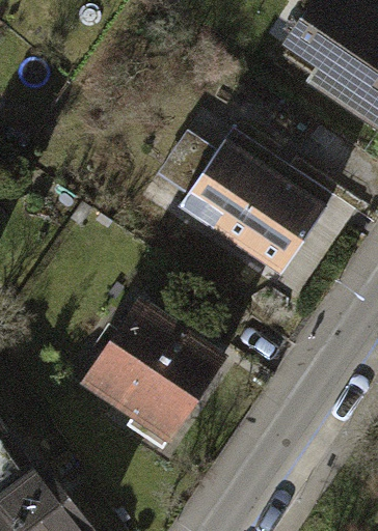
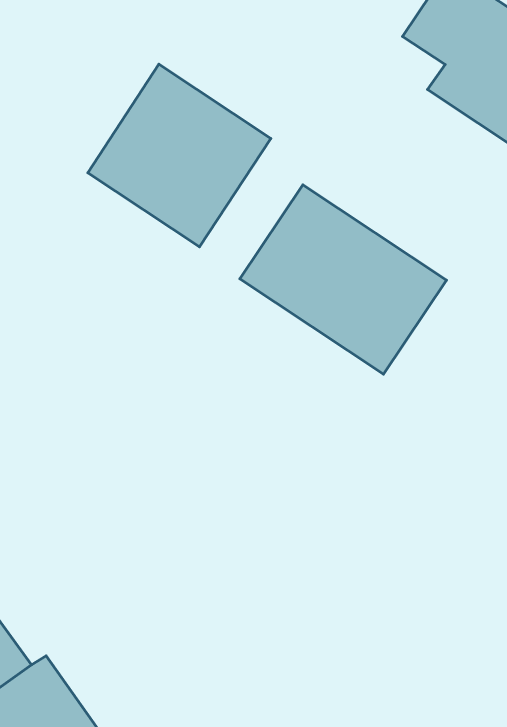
building: none -> [88,64,271,247]
building: [81,304,217,437] -> none

